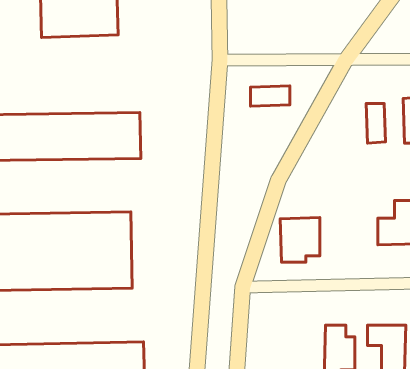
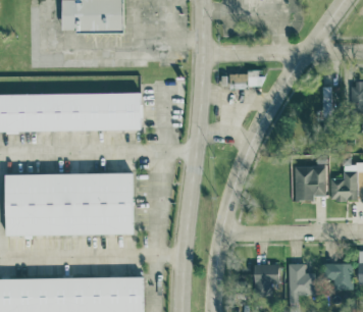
building: [280,218,320,262] -> [295,165,326,201]
building: none -> [254,264,278,293]

